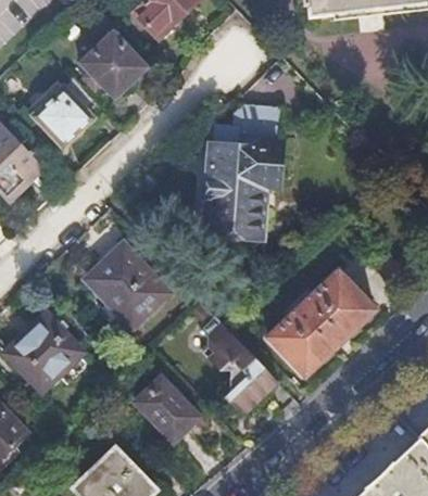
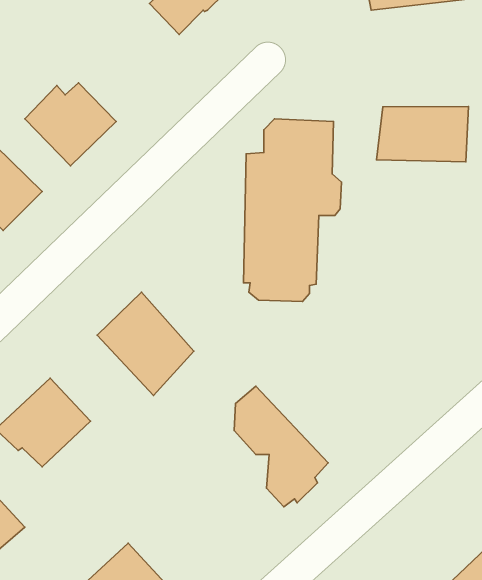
building: [84,34,150,100] -> none
building: none -> [376,107,468,162]
building: [268,270,376,374] -> none
building: [136,380,198,442] -> none

